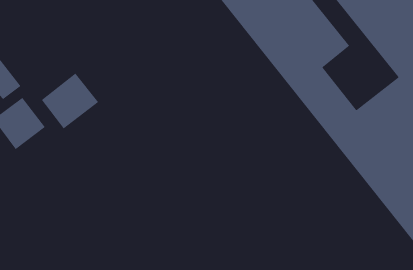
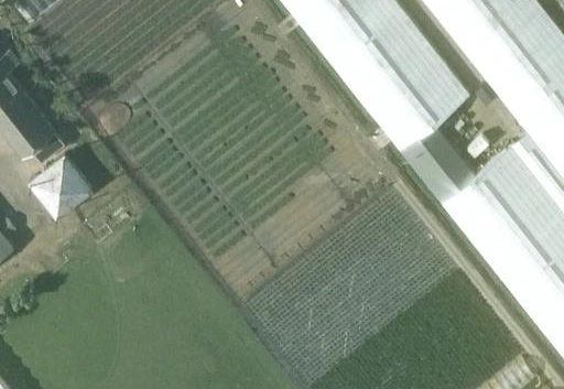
building: [41,72,99,129] -> none

